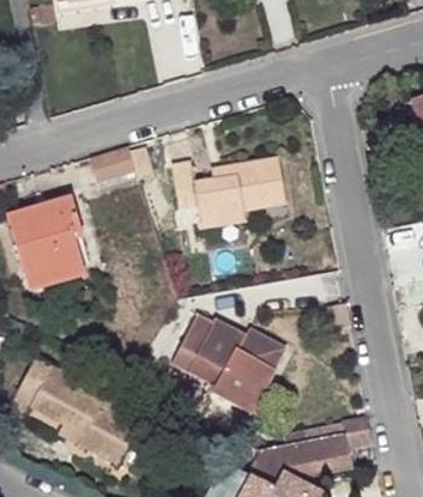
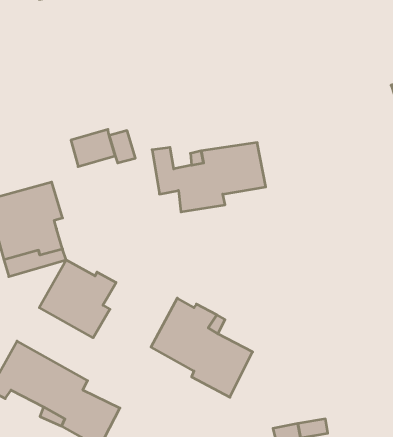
building: none -> [39,260,116,338]

